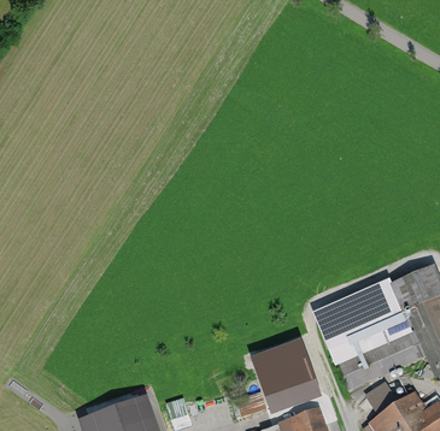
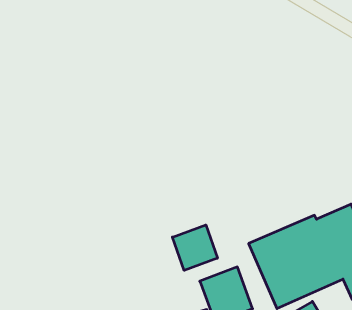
building: none -> [172,225,217,270]

